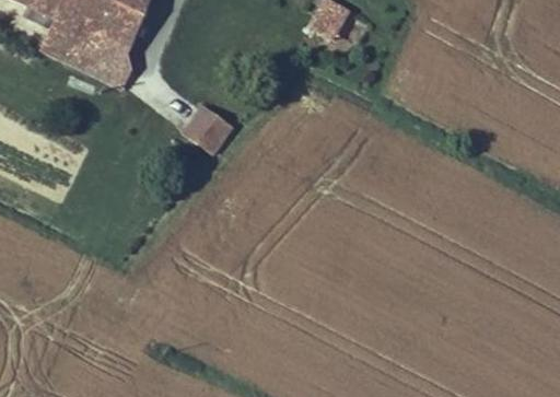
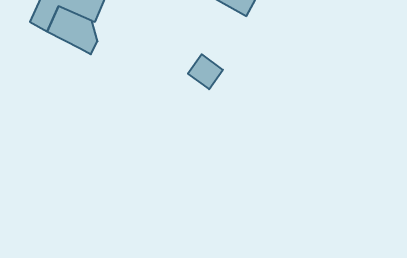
building: [185,105,232,152] -> [188,54,223,89]

